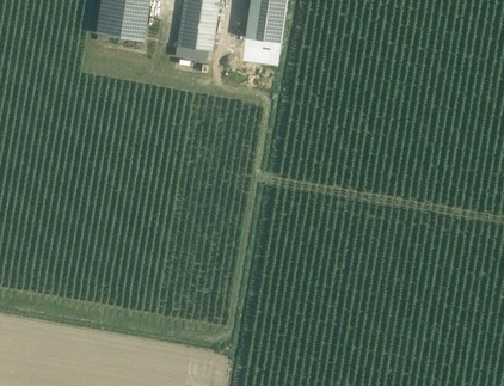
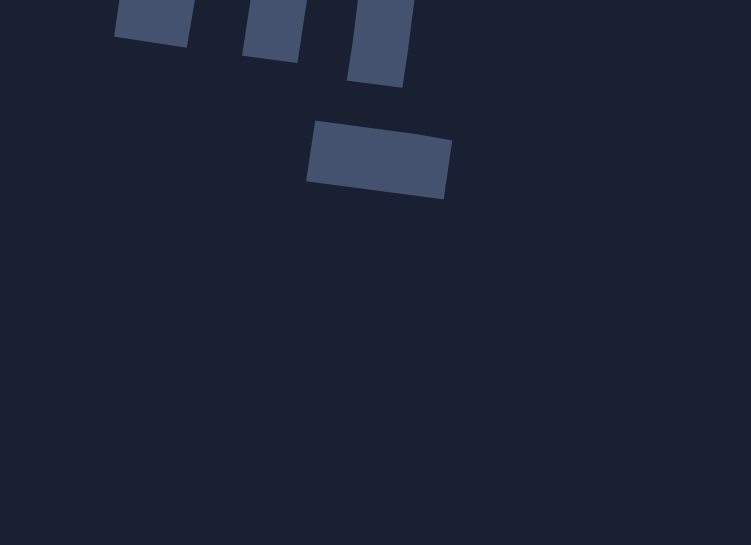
building: none -> [305,120,453,200]

